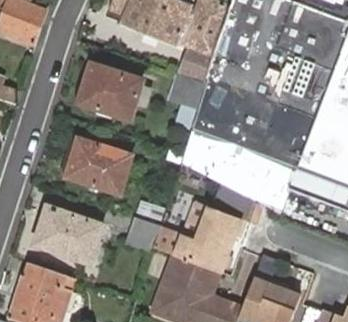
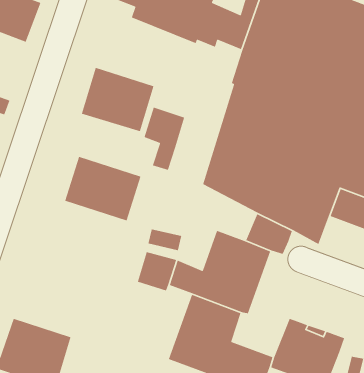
building: [170,74,205,128] -> [144,106,185,171]
building: [35,207,106,264] -> none

